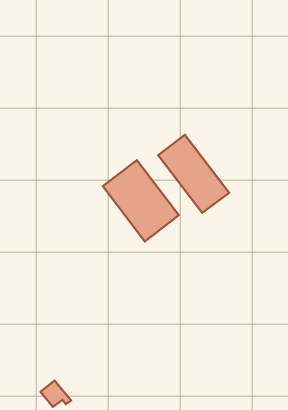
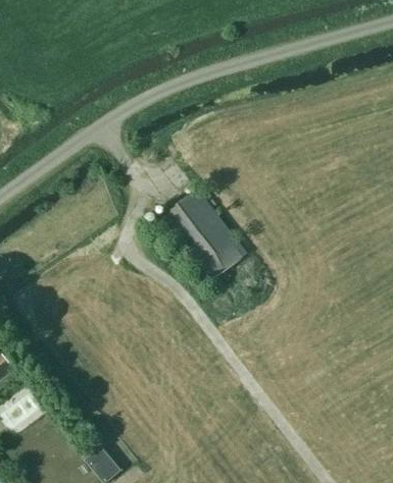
building: [158,135,229,213] -> none

